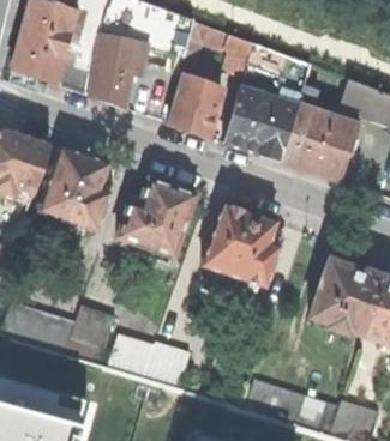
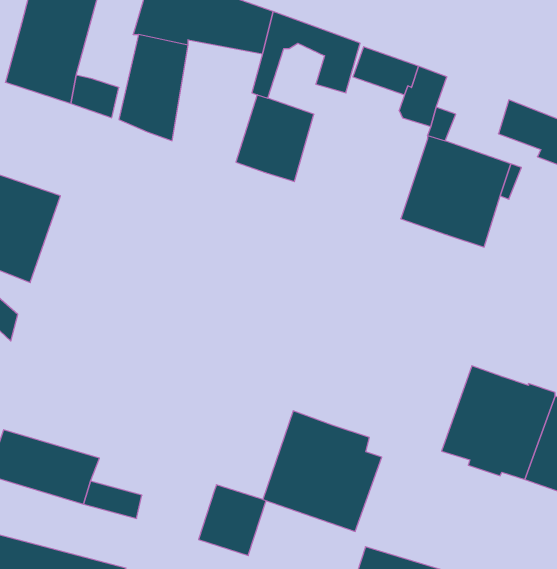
building: [226,90,299,162] -> none
building: [41,150,114,231] -> none
building: [119,180,197,258] -> none
building: [204,206,284,288] -> [263,411,382,531]
building: [71,307,116,349] -> none
building: [109,334,155,379] -> none

